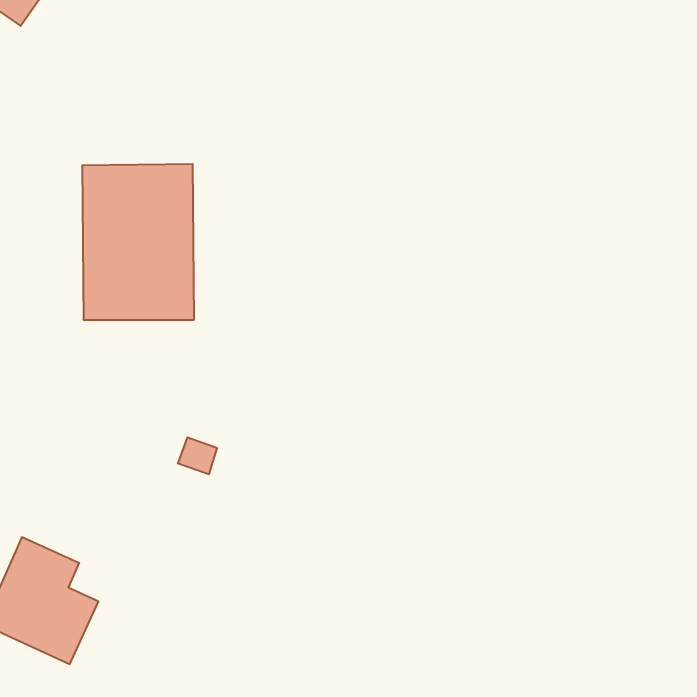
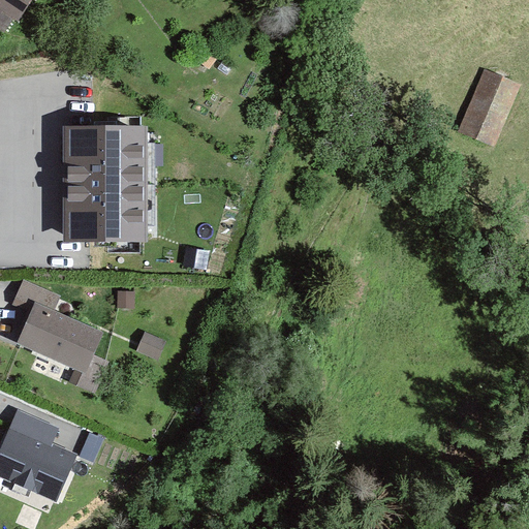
building: none -> [461,70,519,143]
building: none -> [11,278,106,392]

